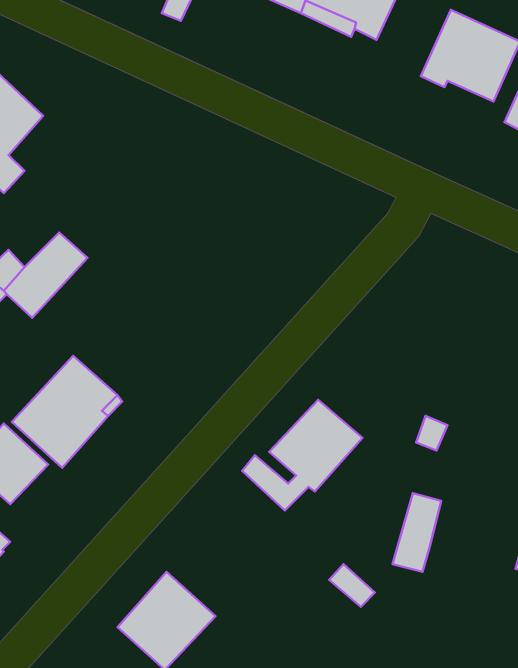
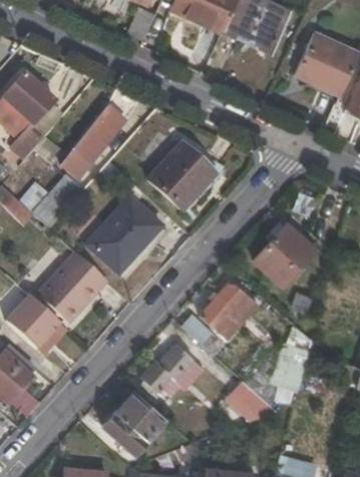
building: none -> [72,108,124,164]
building: none -> [149,144,216,211]
building: none -> [89,199,161,273]
building: none -> [254,223,315,286]
building: none -> [141,345,192,391]

